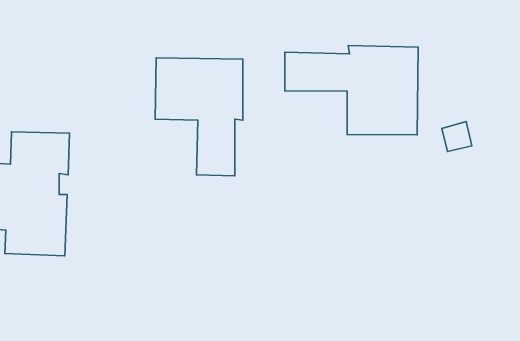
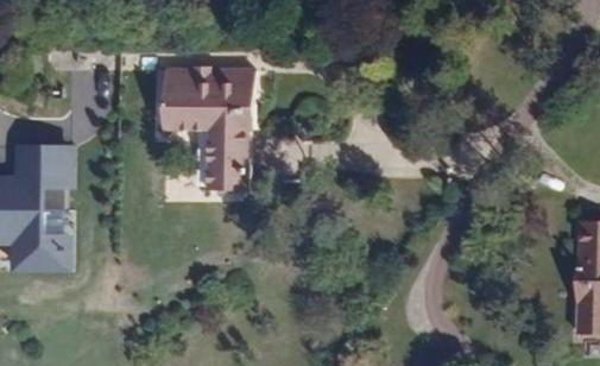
building: [285,45,418,135] -> none

